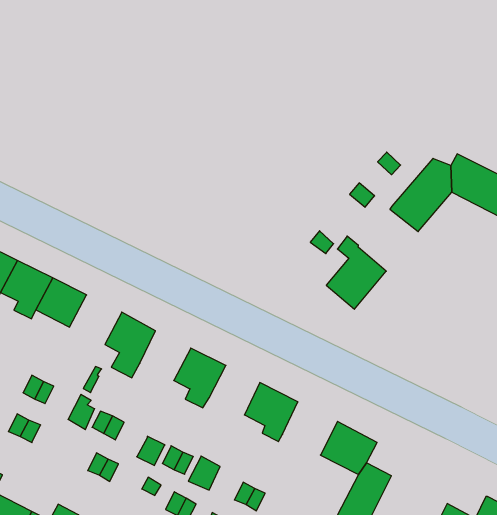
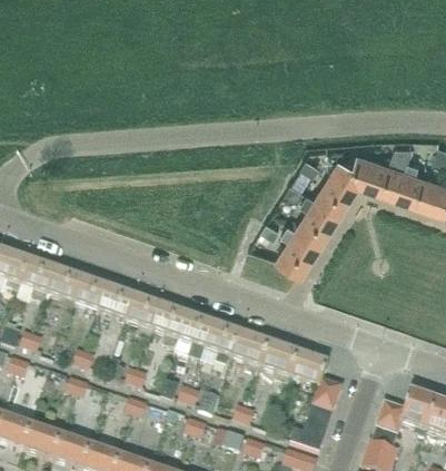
building: none -> [297,189,338,242]
building: none -> [100,287,136,331]
building: none -> [153,306,188,345]
building: none -> [206,324,240,367]
building: none -> [261,343,299,383]

